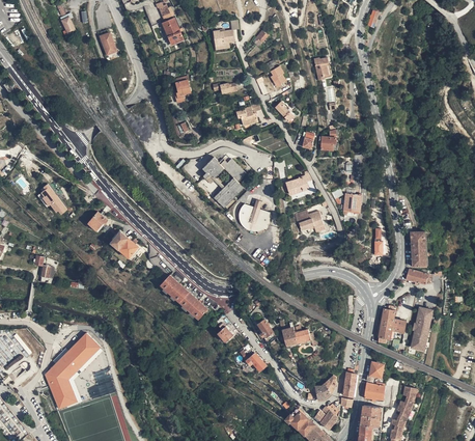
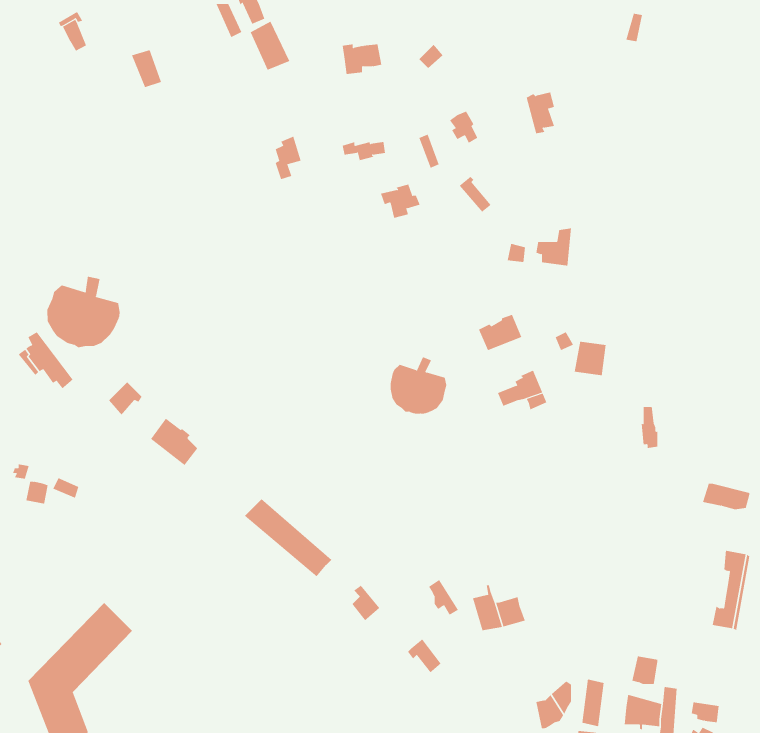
building: none -> [47,276,120,348]
building: [202,158,246,206] -> none
building: [411,229,427,265] -> none
building: [380,304,407,337] -> none

